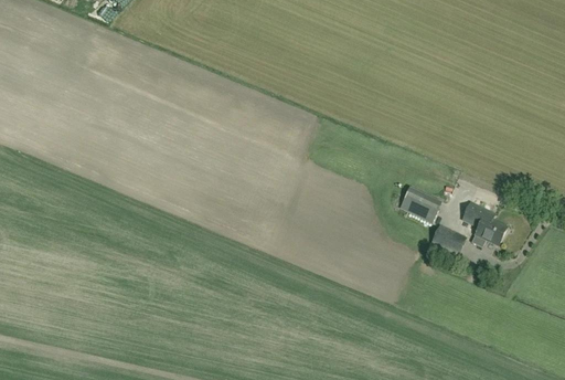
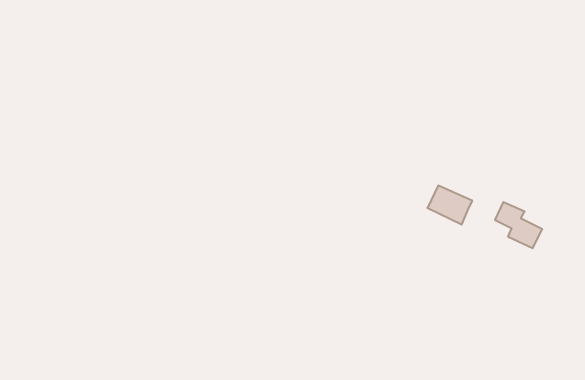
building: [431,224,466,254] -> none

